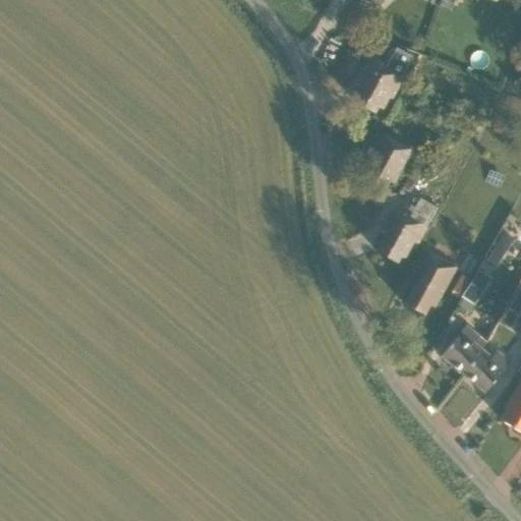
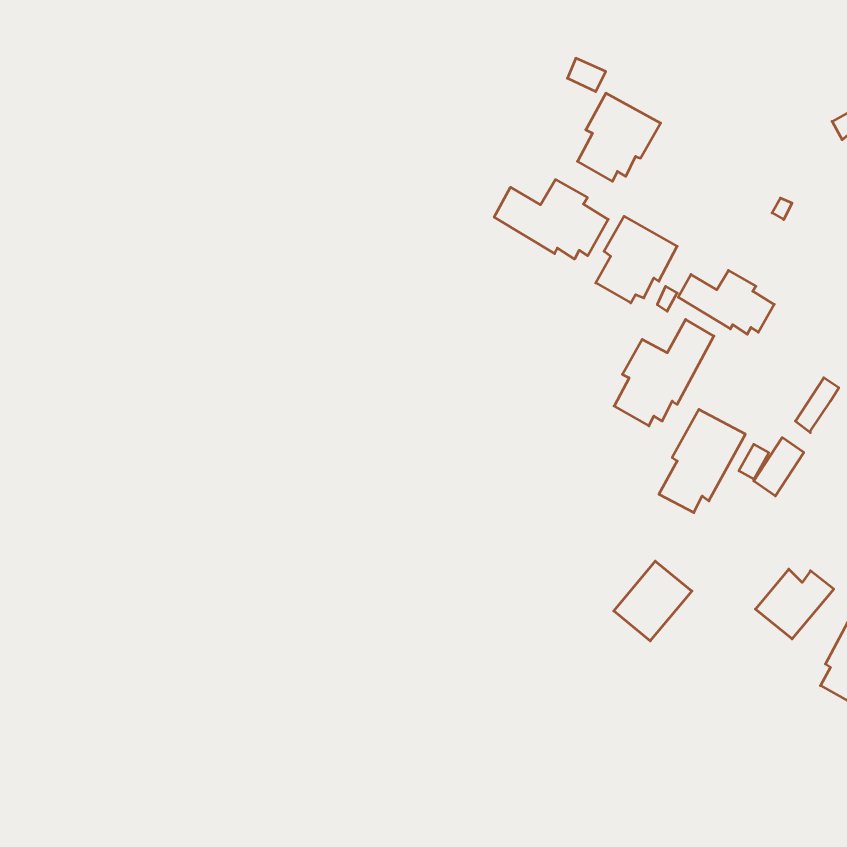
building: none -> [494,180,608,259]
building: none -> [678,270,774,334]
building: [442,324,489,372] -> [614,561,692,641]

